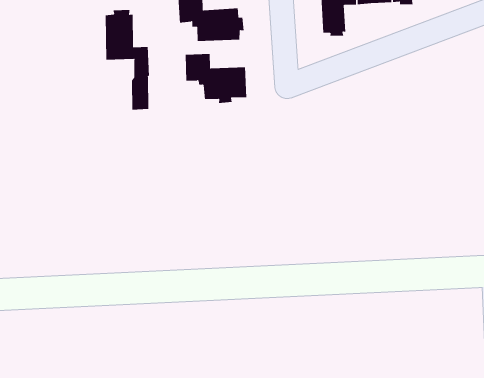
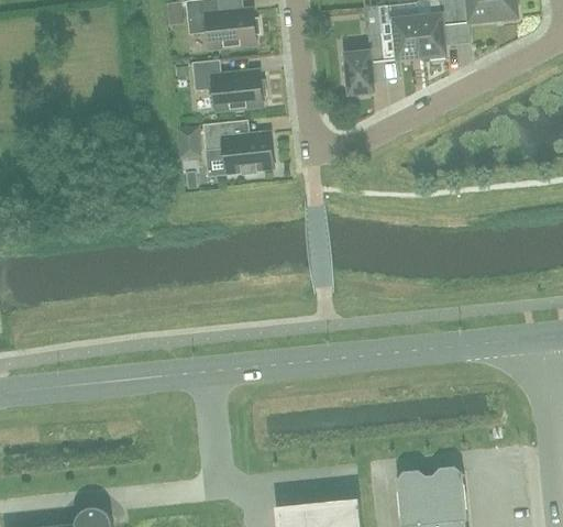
building: [105,9,150,110] -> none

